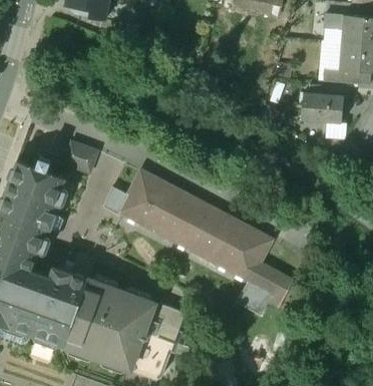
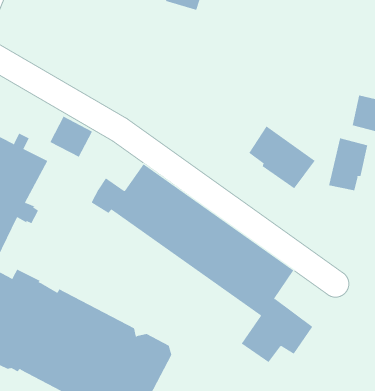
building: none -> [248,126,316,189]
building: none -> [328,138,368,191]

